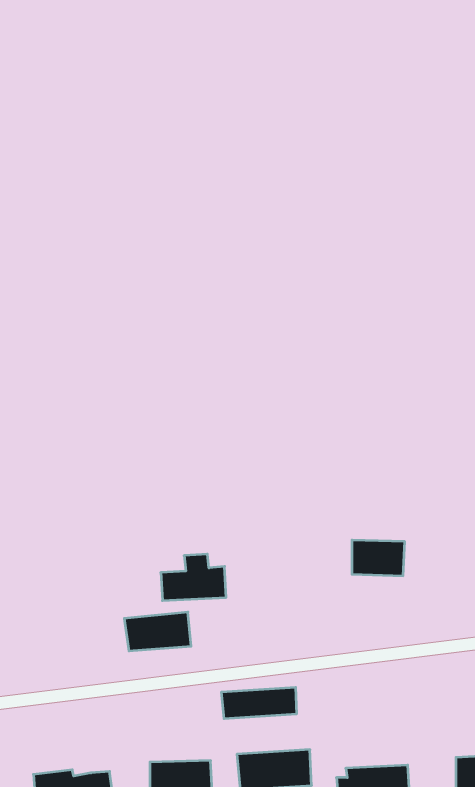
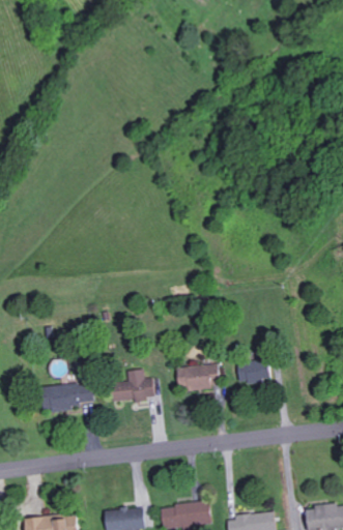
building: none -> [175,365,219,390]
building: [124,612,191,651] -> [48,383,92,409]
building: [222,687,296,719] -> none

